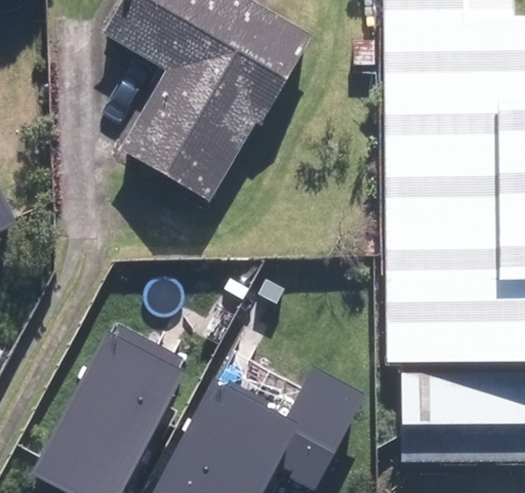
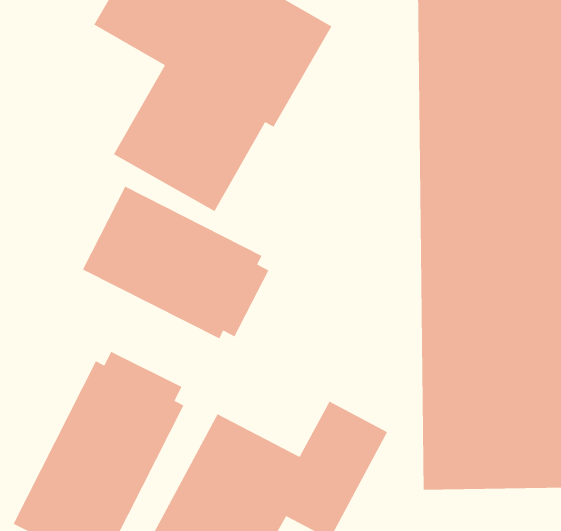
building: none -> [82,186,270,340]

